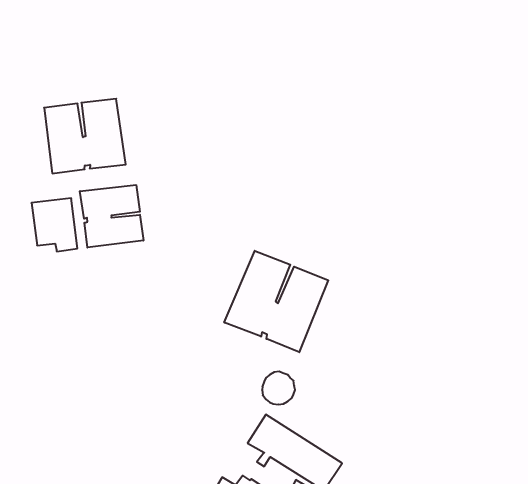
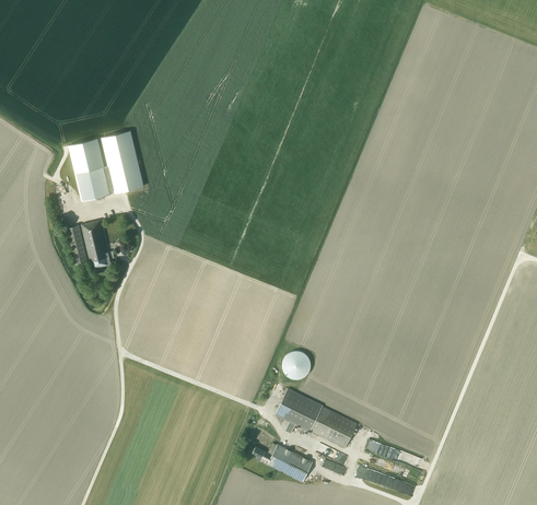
building: [80,185,143,248] -> none
building: [224,251,328,352] -> none

